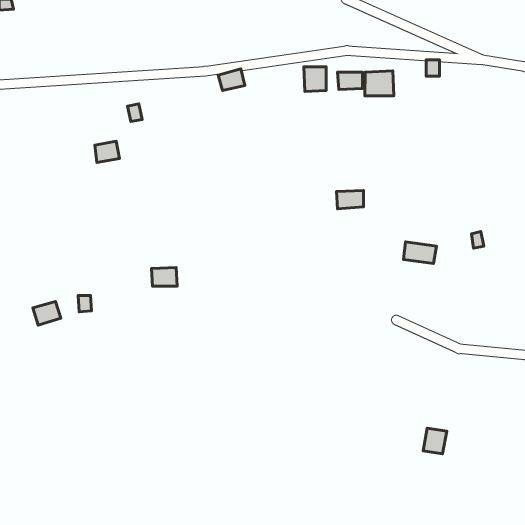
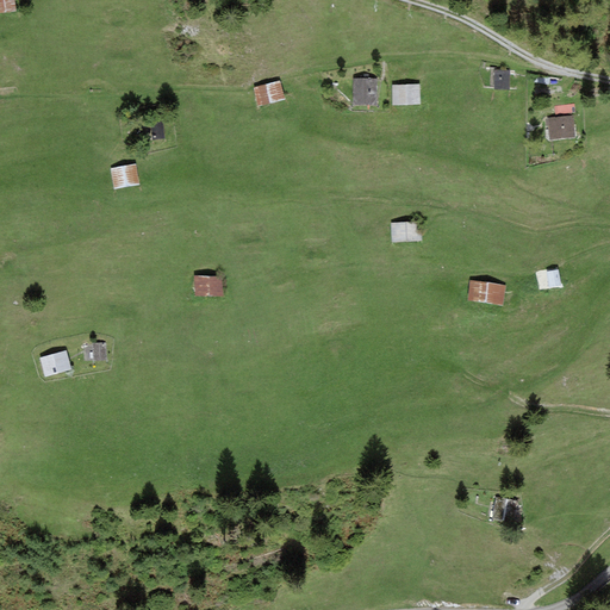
building: [365,71,394,96] -> none
building: none -> [546,114,573,139]
building: [152,268,177,286] -> [193,274,223,295]

